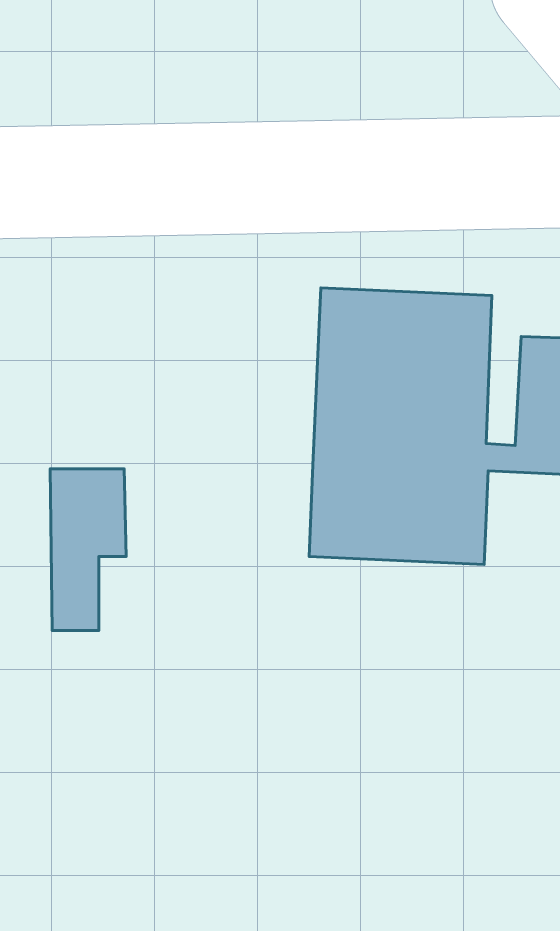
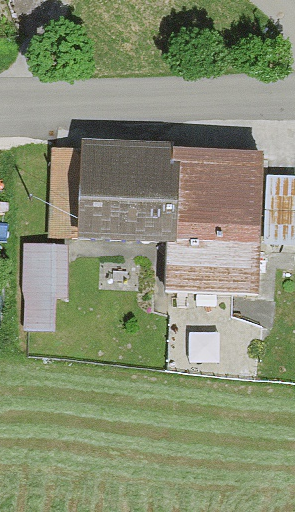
building: none -> [55,144,168,239]

